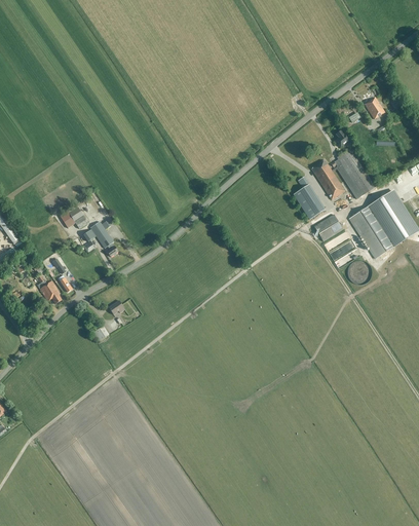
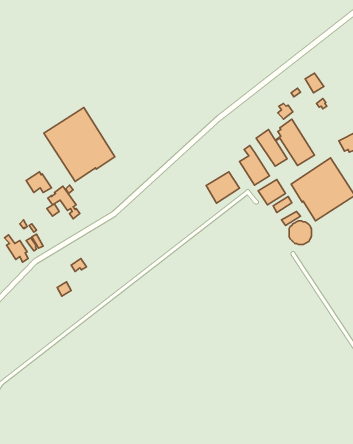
building: none -> [44,108,115,182]
building: none -> [206,172,239,203]

